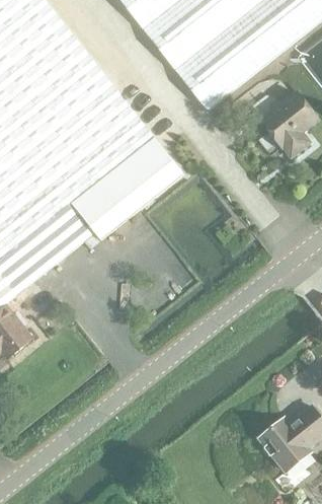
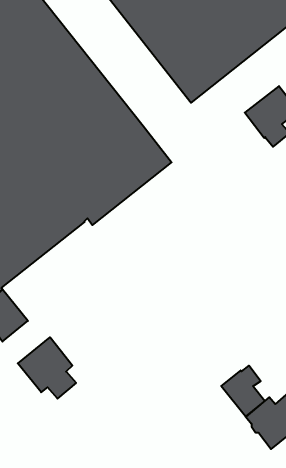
building: none -> [18,337,76,399]
building: none -> [221,366,265,416]

